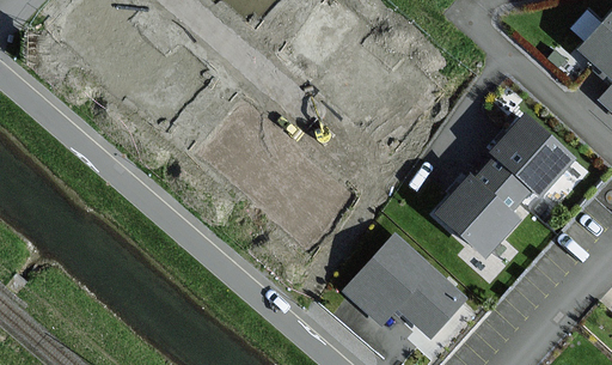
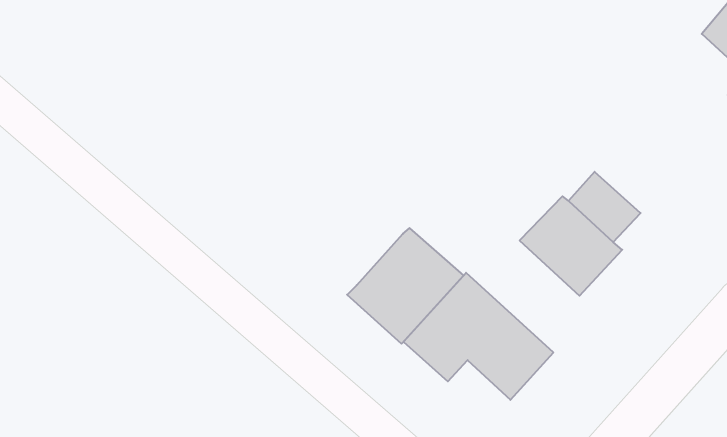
building: [492,116,571,195] -> none
building: none -> [347,228,464,344]

